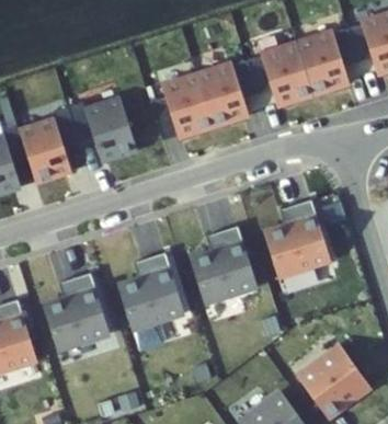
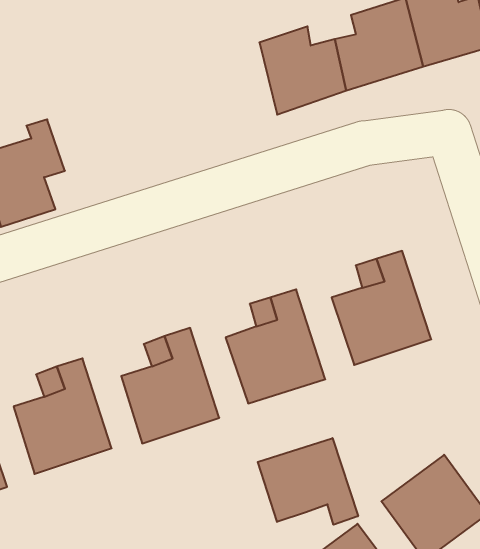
building: [157,60,224,126] -> none
building: [67,105,136,165] -> none
building: none -> [258,438,358,525]

